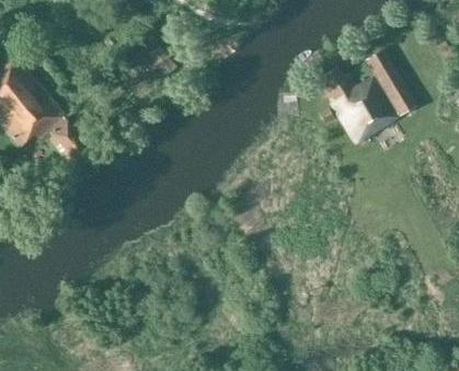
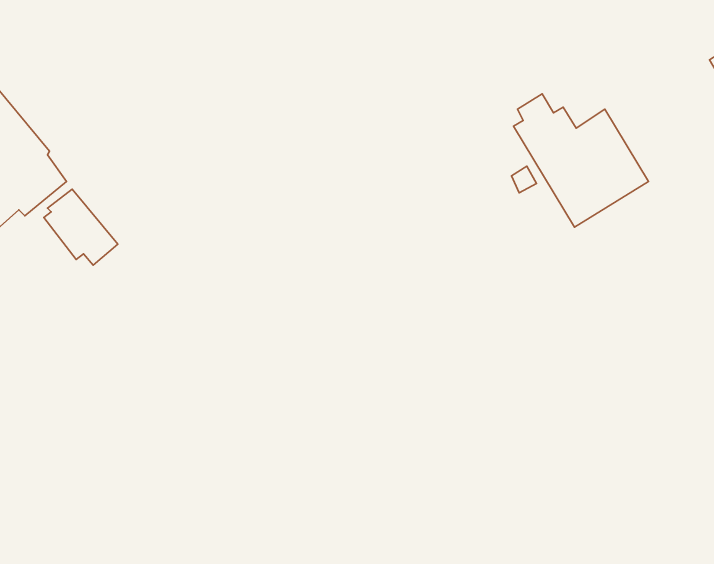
building: [367,49,416,114] -> none

